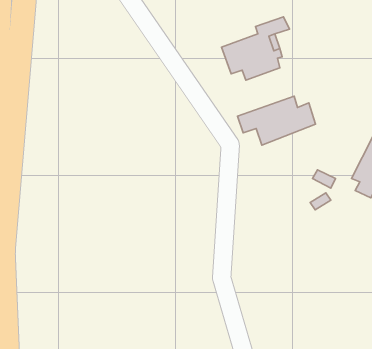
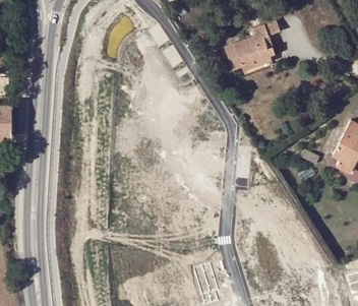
building: [237,96,316,145] -> none

